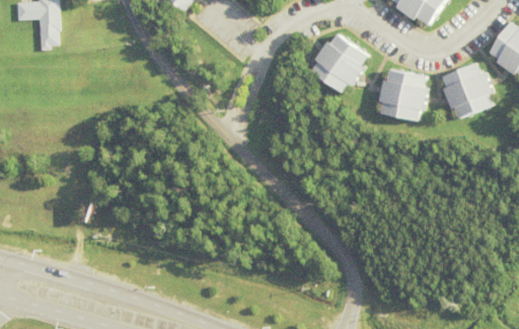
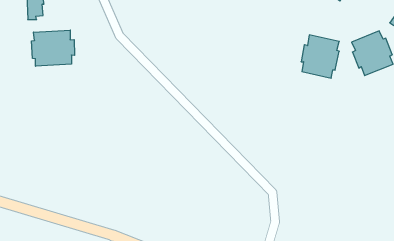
building: [311,34,368,92] -> none
building: none -> [32,30,74,66]

